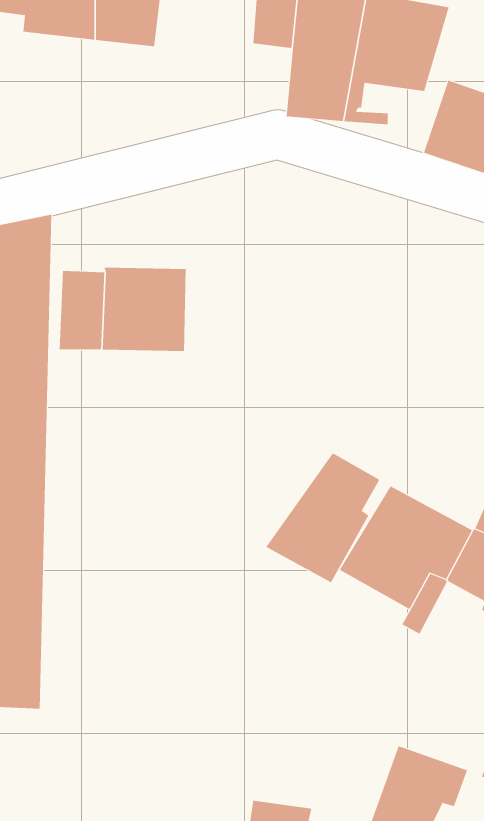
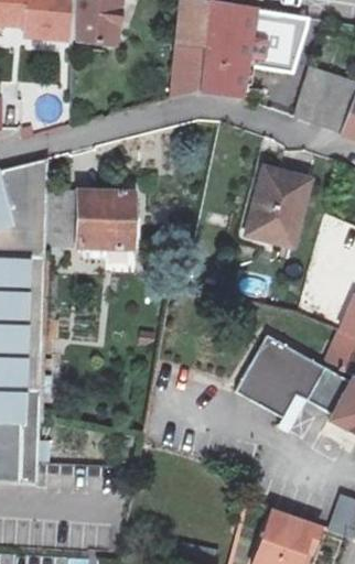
building: none -> [172,43,204,99]
building: none -> [245,166,312,248]
building: [265,453,379,583] -> none

